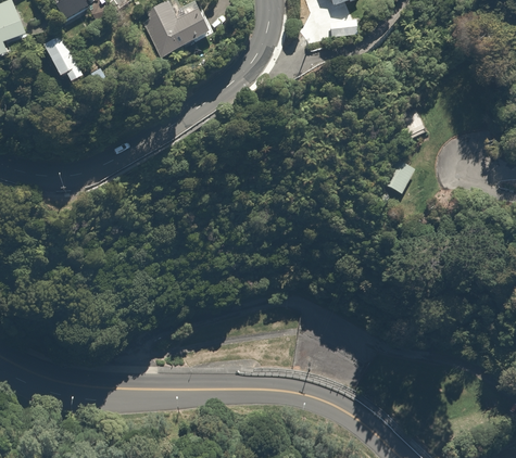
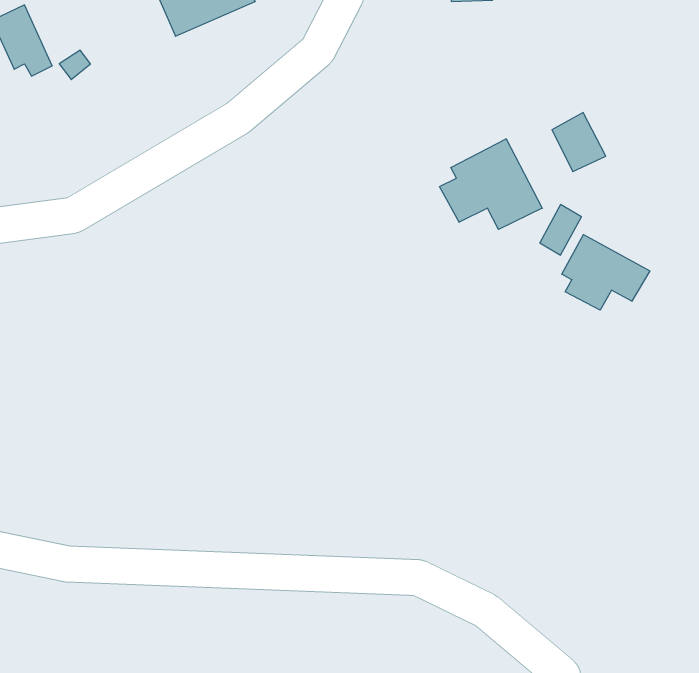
building: none -> [440,139,542,229]
building: none -> [562,235,650,310]

